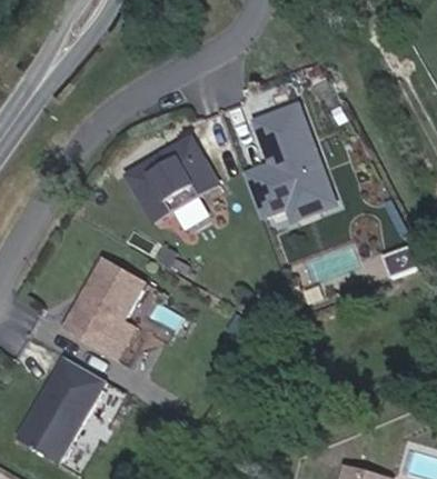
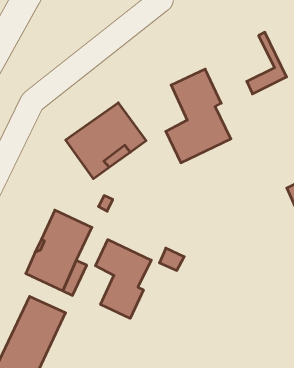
building: [286,147,334,219] -> [247,32,287,94]
building: none -> [95,240,151,318]

